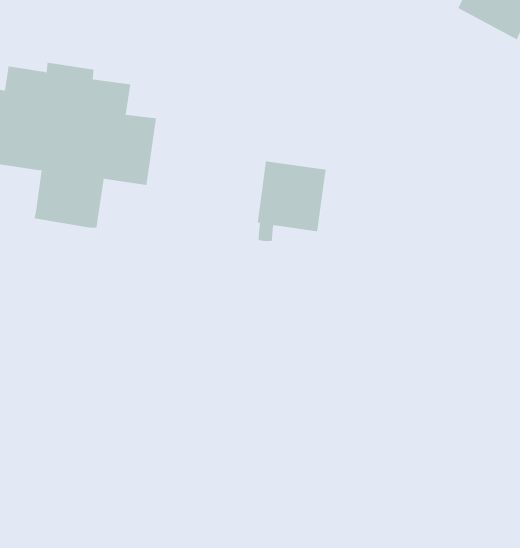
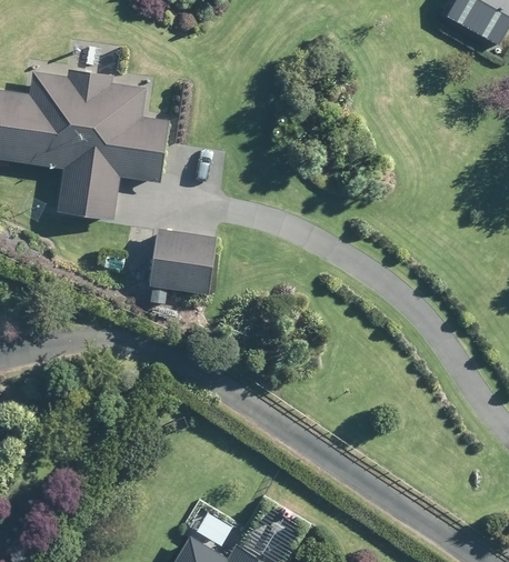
building: [257,161,326,242] -> [150,228,213,301]

